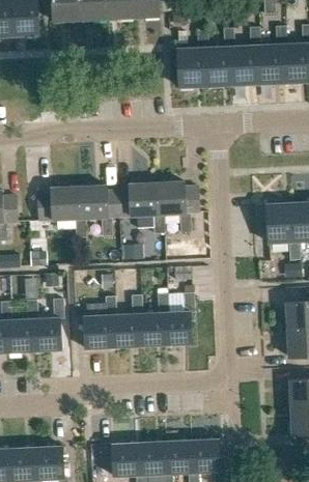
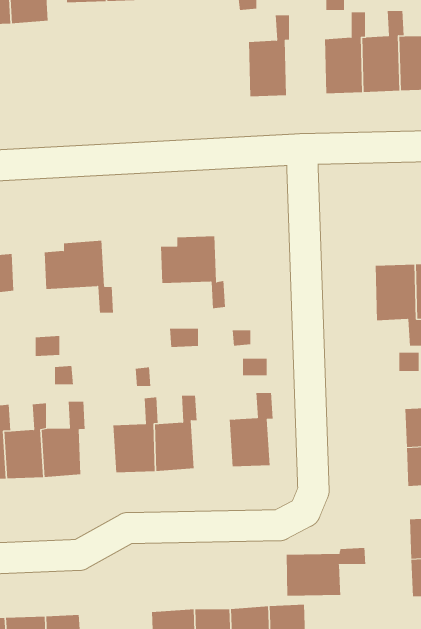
building: [204,29,234,86] -> none
building: [156,181,198,232] -> none
building: [77,186,118,236] -> none
building: [139,293,169,345] -> none
building: none -> [286,547,366,597]

